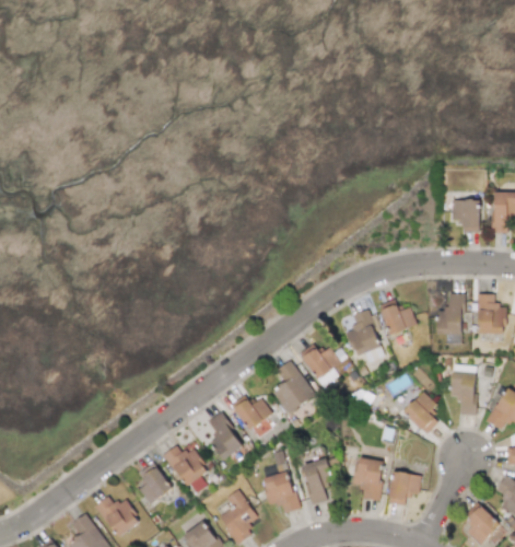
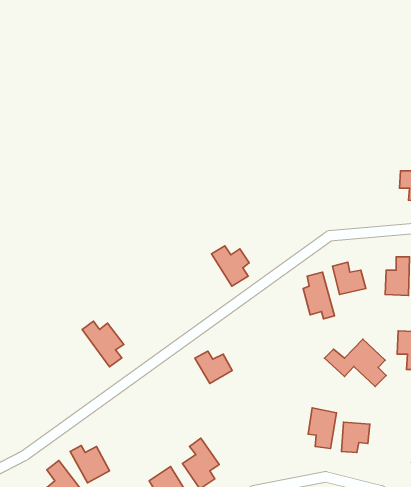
building: [300,344,340,387] -> [212,246,249,286]
building: [273,359,314,412] -> none
building: [208,412,244,461] -> none
building: [164,445,209,494] -> [82,321,124,367]
building: [302,457,335,504] -> none
building: [139,462,173,504] -> none
building: [262,470,300,513] -> none

